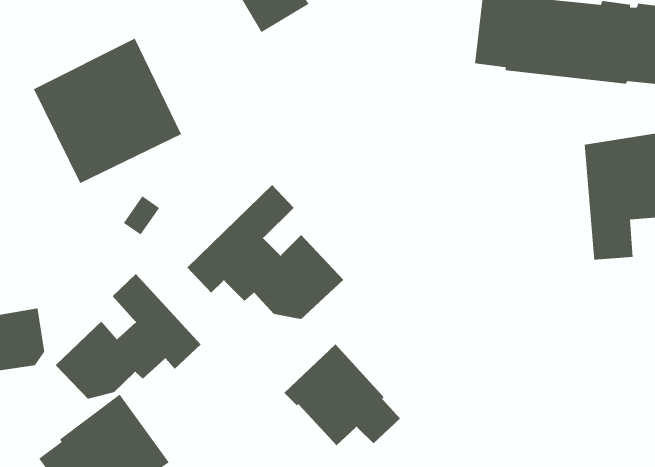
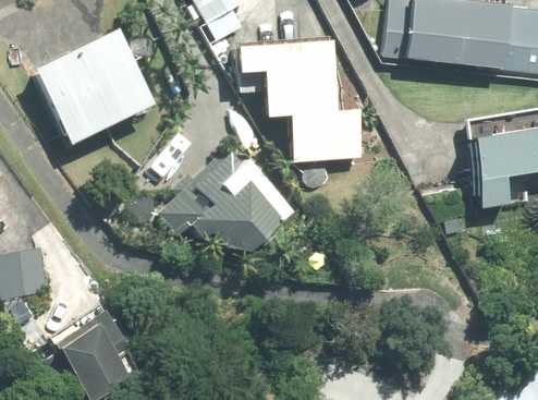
building: none -> [237,44,362,162]
building: [55,273,202,399] -> none
building: [283,343,401,446] -> none

